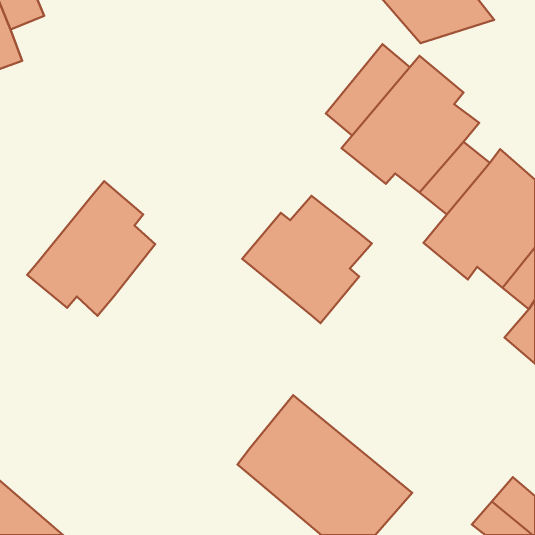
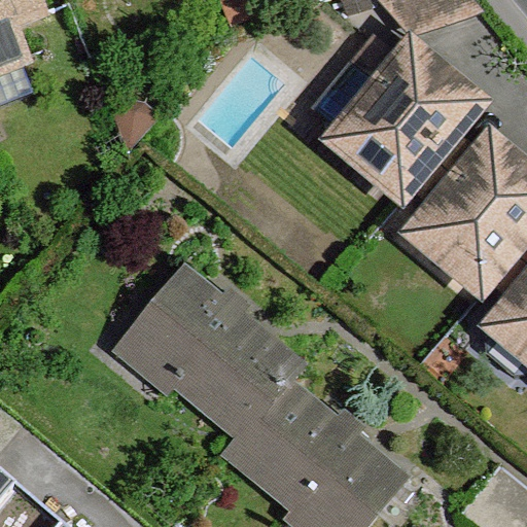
building: [27,181,155,316] -> none
building: [242,196,372,323] -> none
building: none -> [130,277,301,438]

